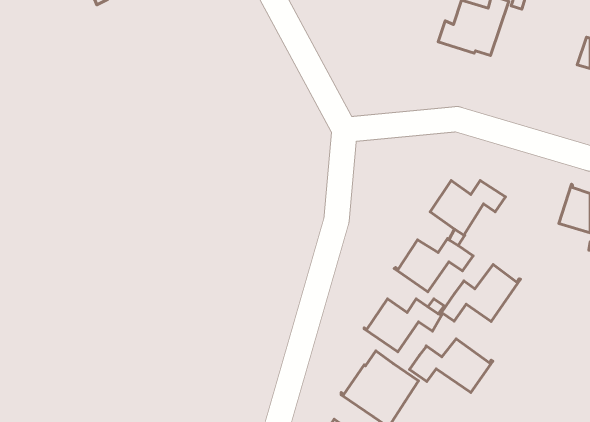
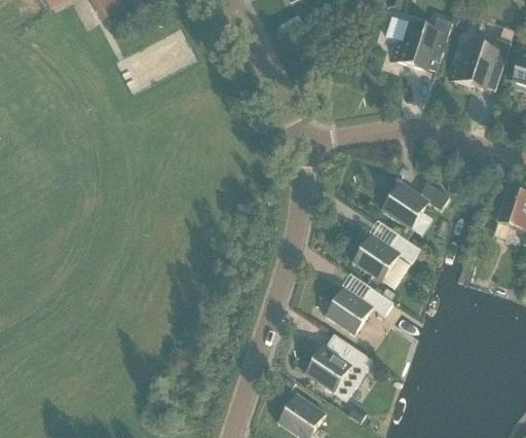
building: none -> [448,36,511,90]
building: [442,264,520,321] -> none
building: [410,339,493,393] -> none

